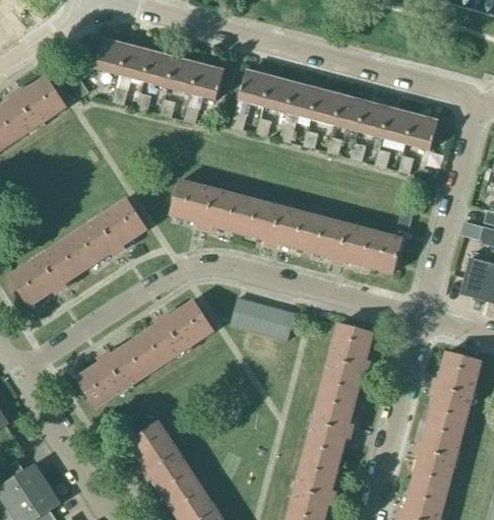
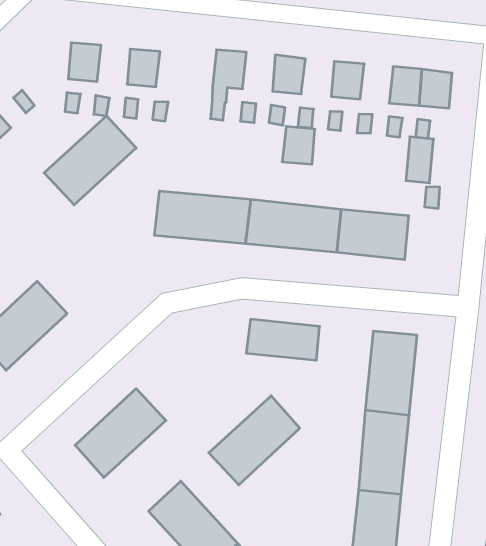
building: [96,39,127,74] -> none
building: [143,51,175,86] -> none
building: [191,64,224,100] -> none
building: [262,76,294,112] -> none
building: [310,89,342,124] -> [282,126,315,164]
building: [358,102,389,137] -> none
building: [67,198,146,267] -> [44,116,136,205]
building: [373,233,402,273] -> [406,137,434,183]
building: [134,300,212,369] -> [209,396,300,485]

